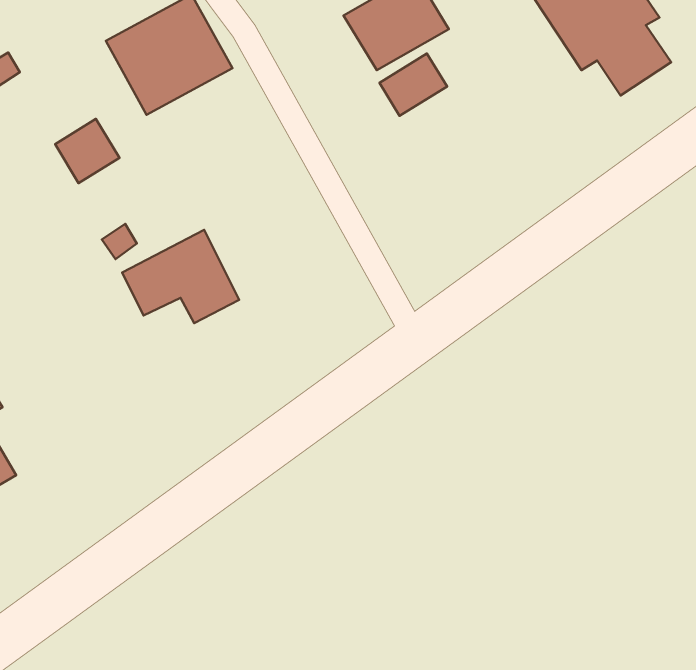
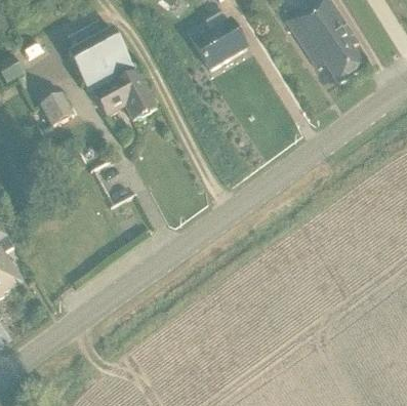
building: [379,53,447,116] -> none
building: [122,230,239,323] -> [94,69,156,118]

